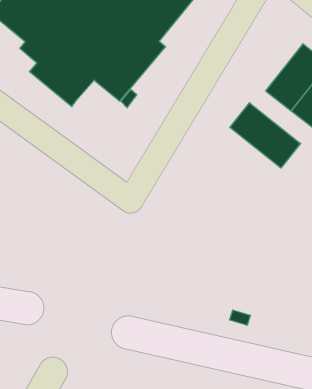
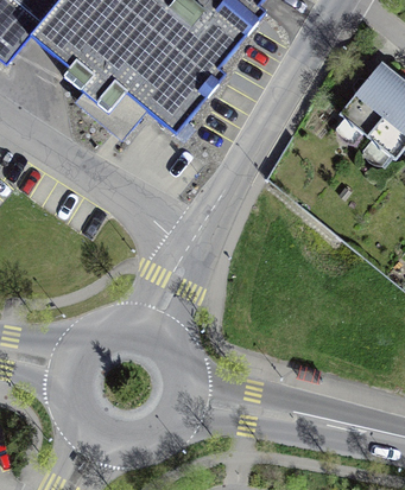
building: [230,103,301,168] -> none

